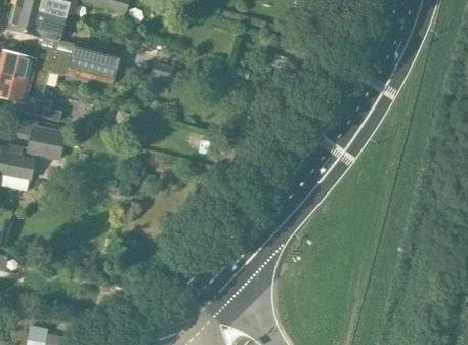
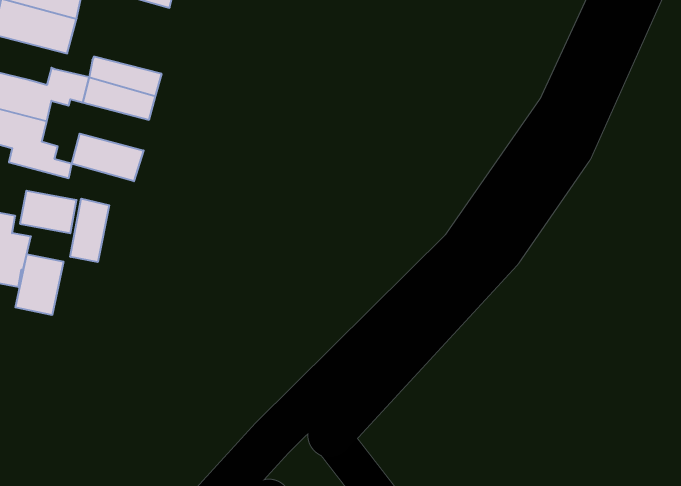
building: none -> [72,134,144,181]
building: none -> [70,199,109,262]
building: none -> [15,254,63,315]

